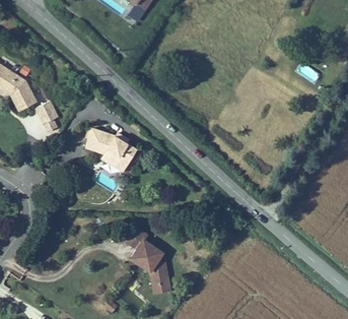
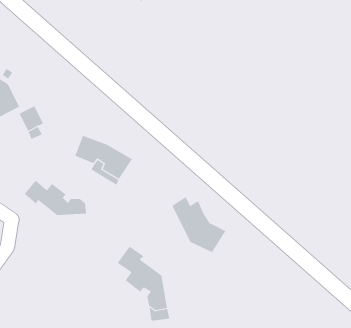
building: none -> [24,180,86,216]
building: none -> [171,196,226,253]

